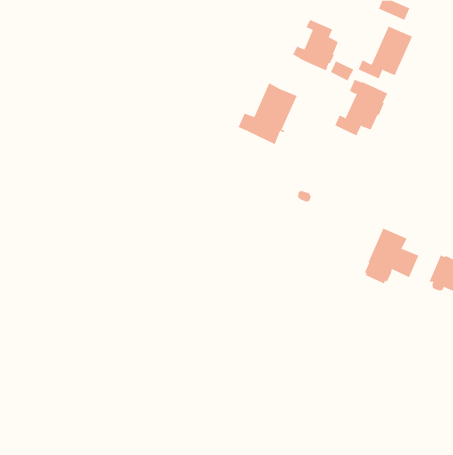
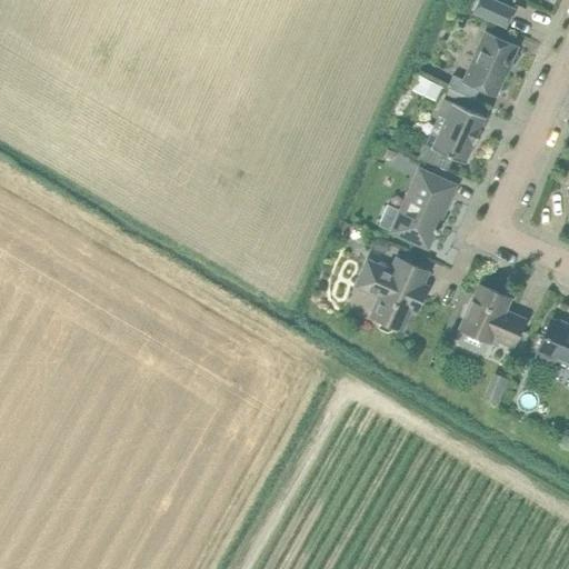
building: [293,19,339,71] -> none
building: [238,83,297,145] -> [381,169,456,247]
building: none -> [358,258,428,330]

